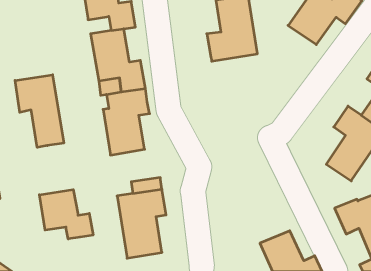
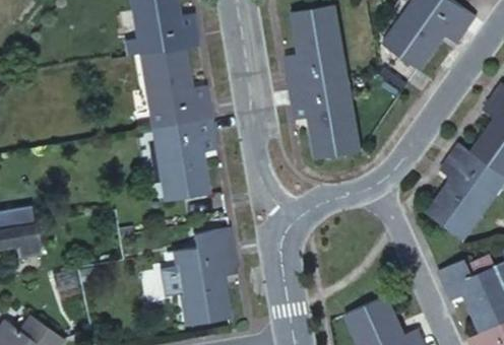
building: none -> [291,78,359,156]
building: [15,75,64,147] -> none
building: [39,190,93,239] -> none

